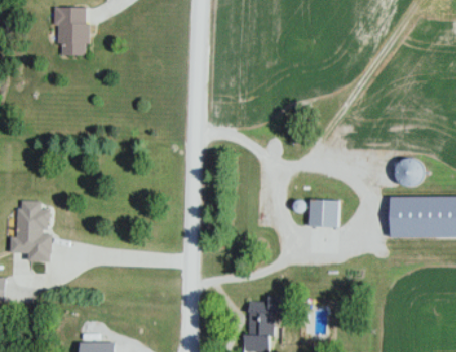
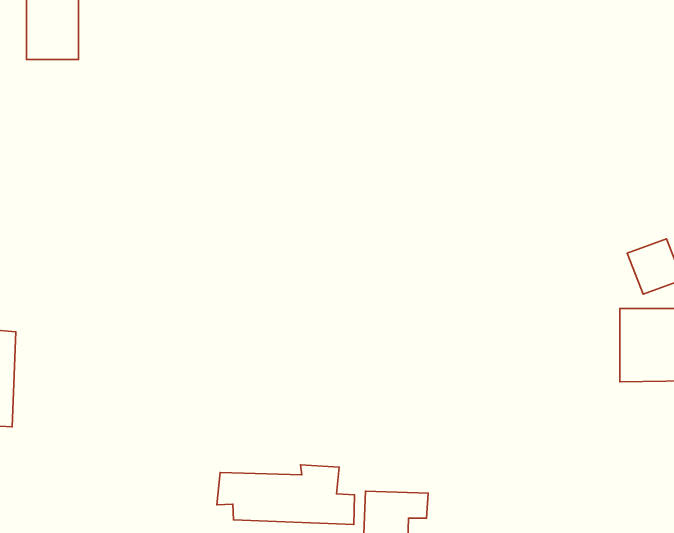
building: [310,201,338,227] -> none
building: none -> [217,465,355,525]

